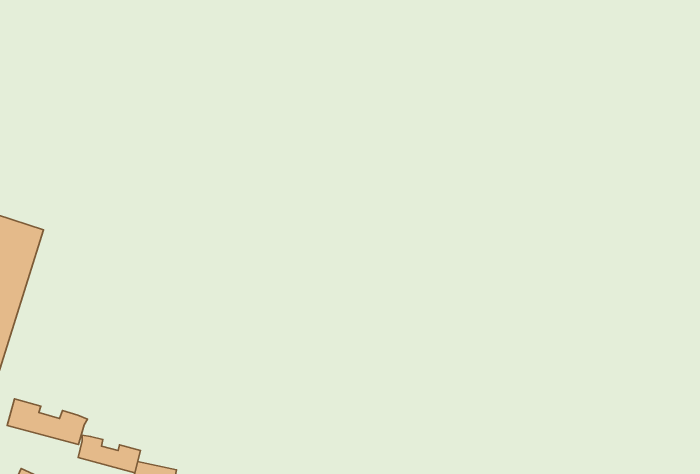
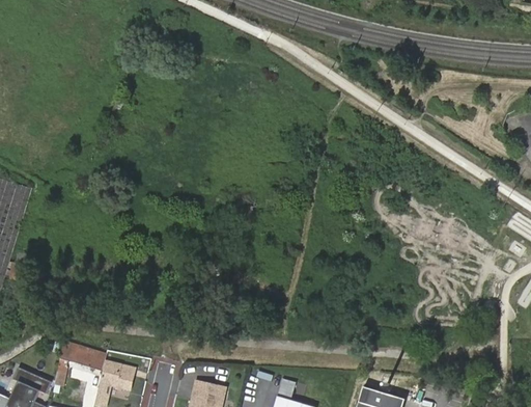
building: [7,399,88,445] -> none

